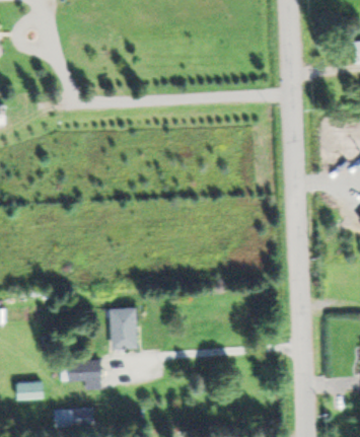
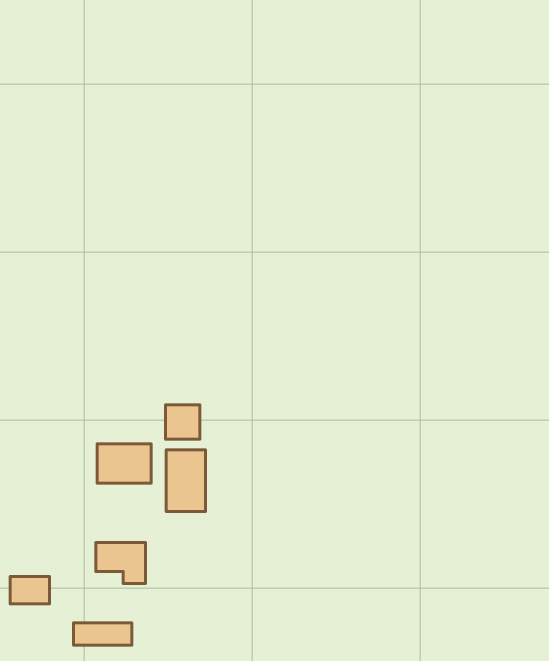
building: none -> [165,405,200,439]
building: none -> [97,444,151,483]

